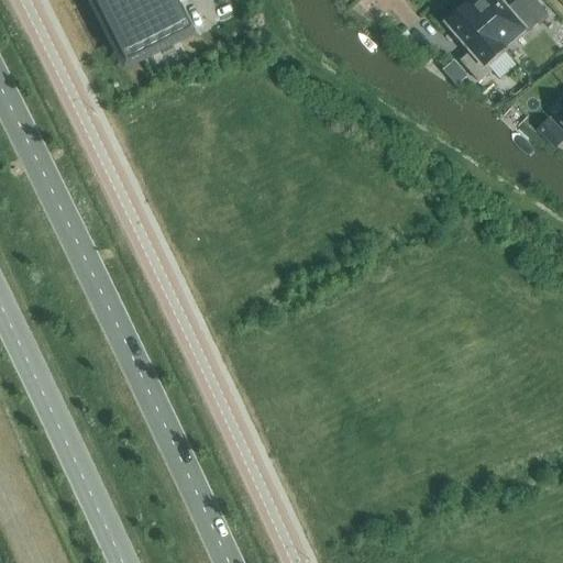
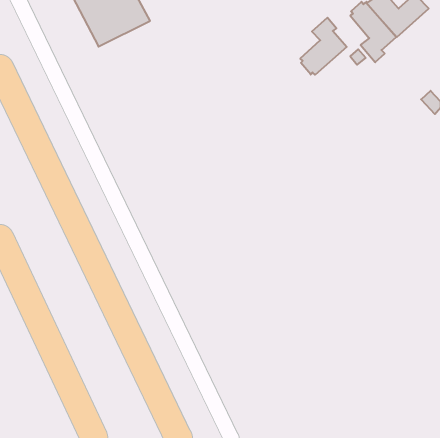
building: none -> [300,18,347,75]

